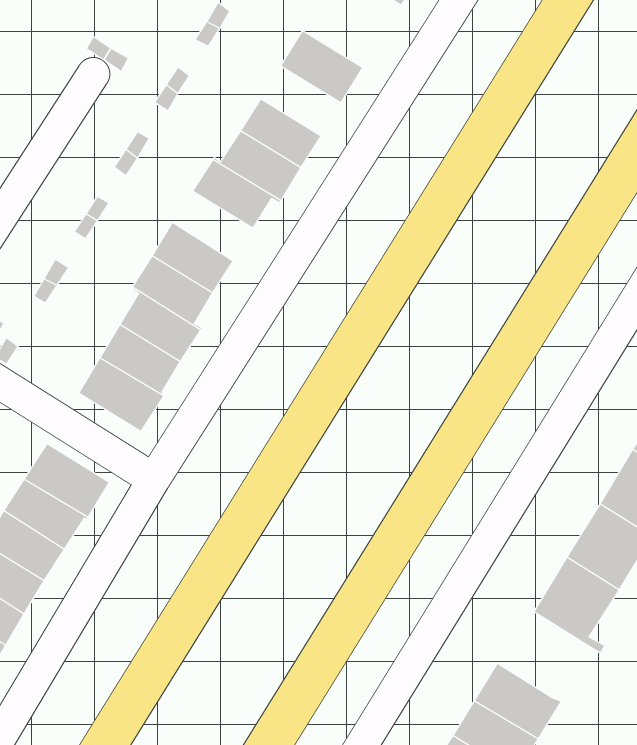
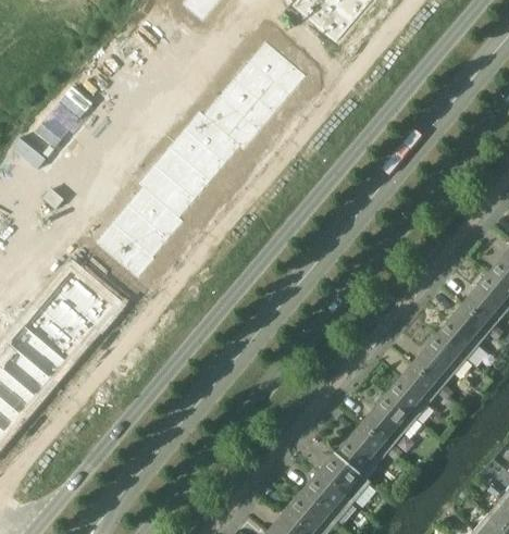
building: none -> [239,66,288,113]
building: none -> [174,135,223,182]
building: none -> [334,423,397,477]

